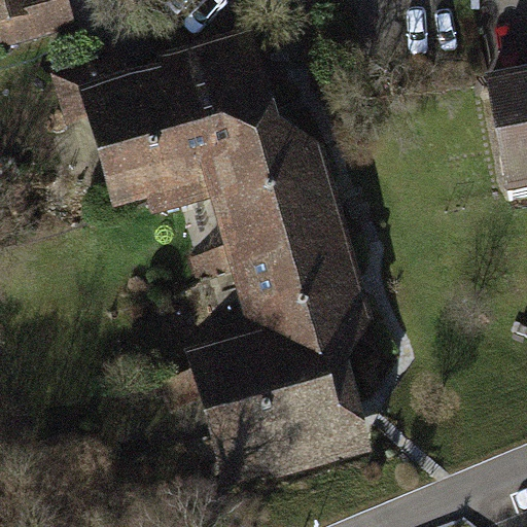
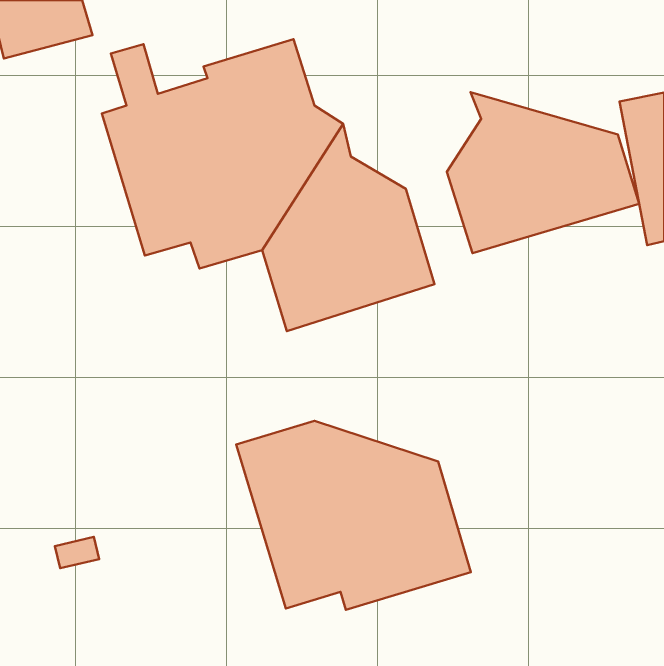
building: none -> [447,92,639,253]
building: [226,224,371,364] -> none

